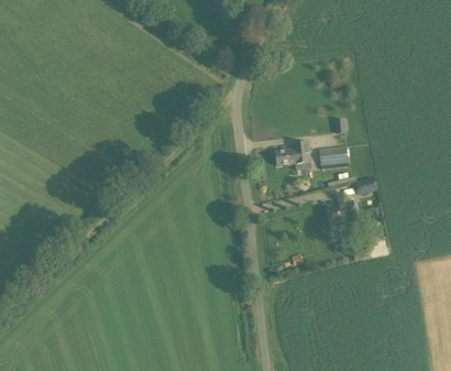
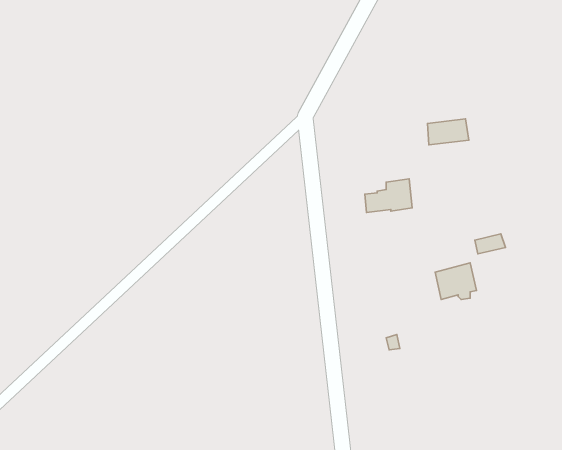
building: [319,146,349,165] -> [427,119,469,145]

